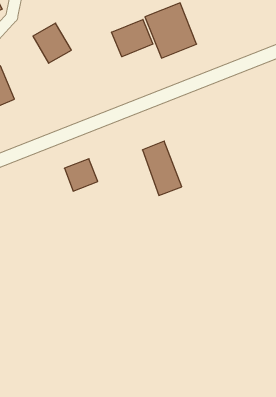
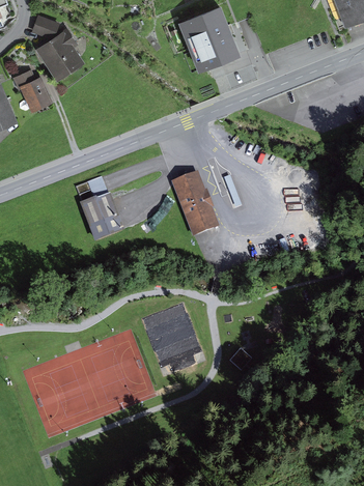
building: none -> [33,12,61,37]
building: [112,19,153,57] -> none
building: none -> [16,65,53,111]

